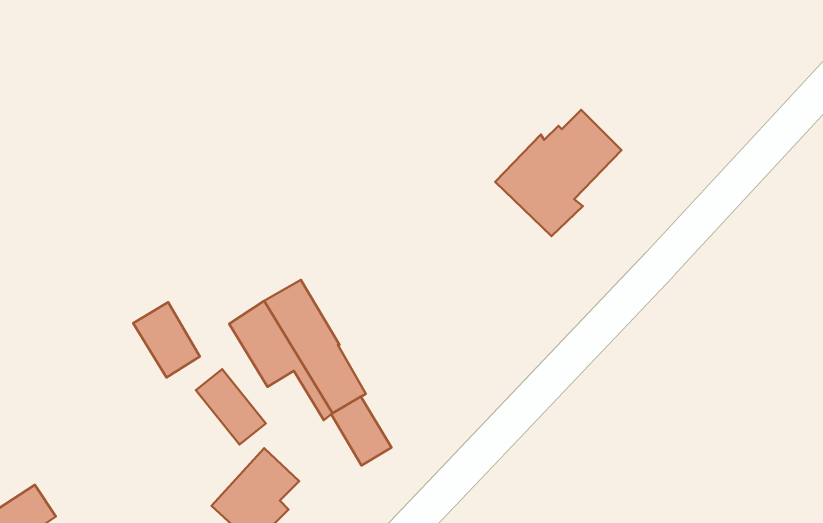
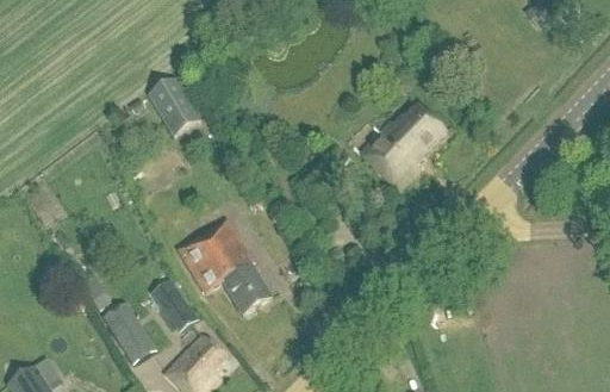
building: none -> [147,77,199,136]
building: [133,302,200,377] -> [108,316,154,367]
building: [331,396,391,465] -> none

